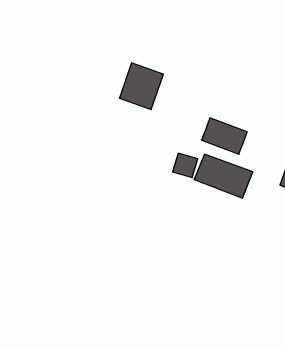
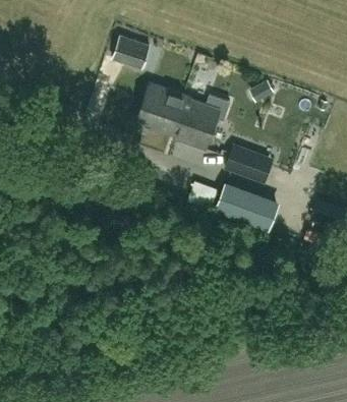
building: none -> [111,36,149,68]
building: none -> [169,95,229,152]

